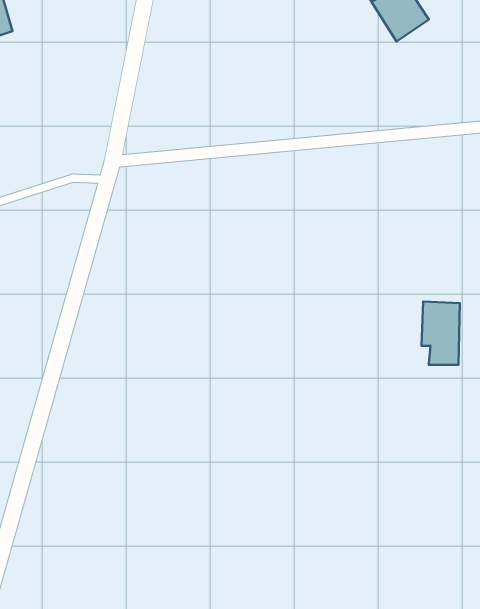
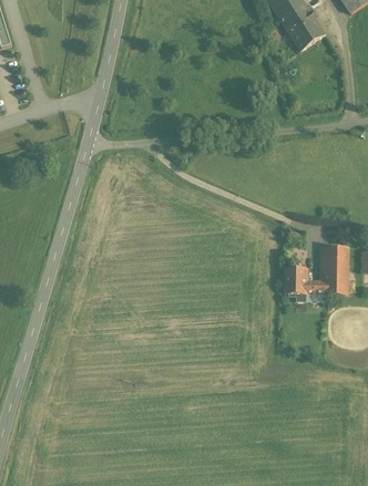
building: none -> [285,267,326,293]

